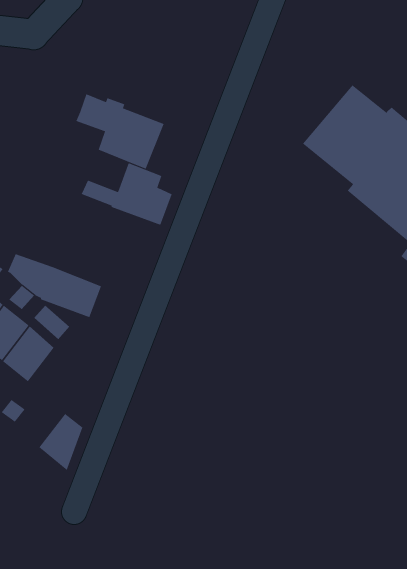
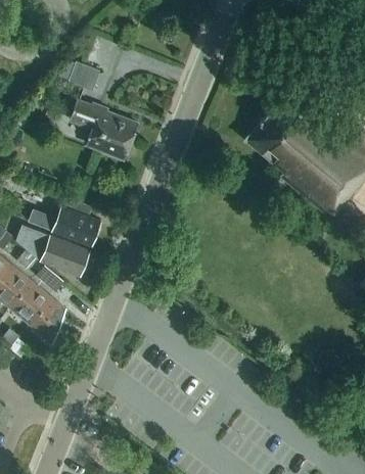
building: none -> [69,62,100,91]
building: [81,163,173,226] -> [29,197,100,246]
building: [38,413,83,471] -> [32,299,66,344]

